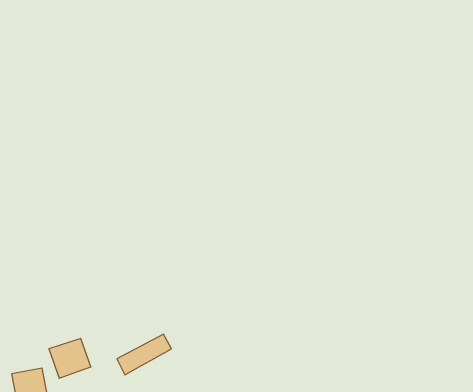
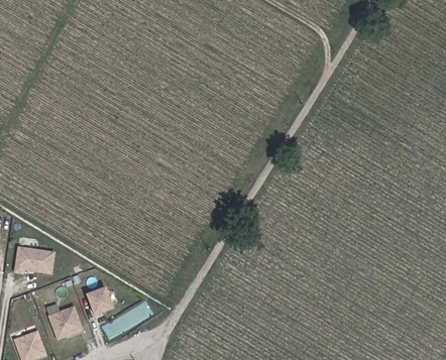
building: none -> [15,247,53,275]
building: none -> [83,285,109,314]

